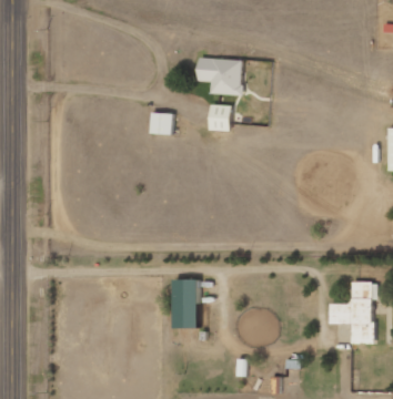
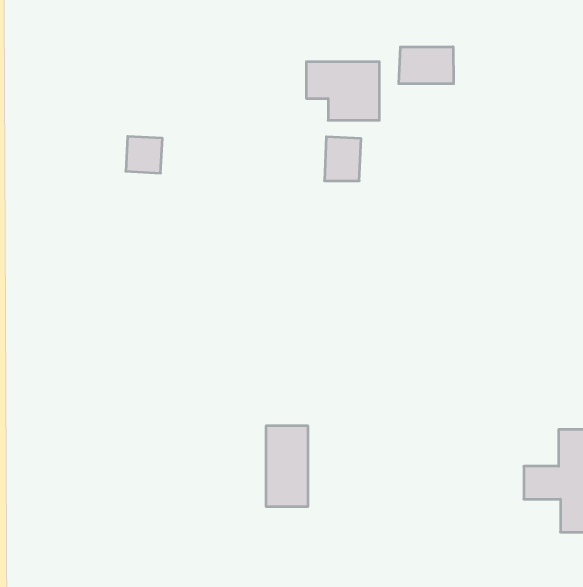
building: none -> [399,47,454,84]
building: [149,112,171,134] -> [126,136,162,173]

